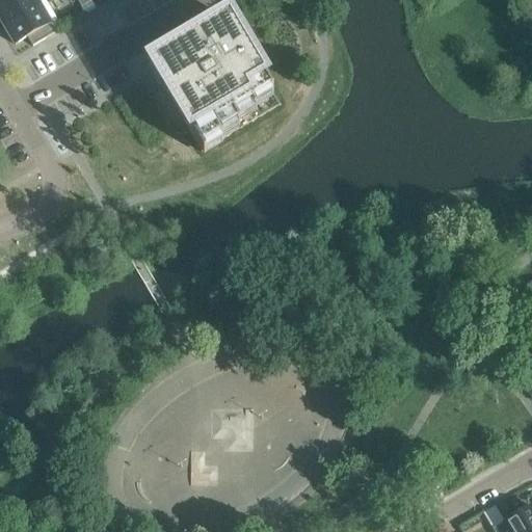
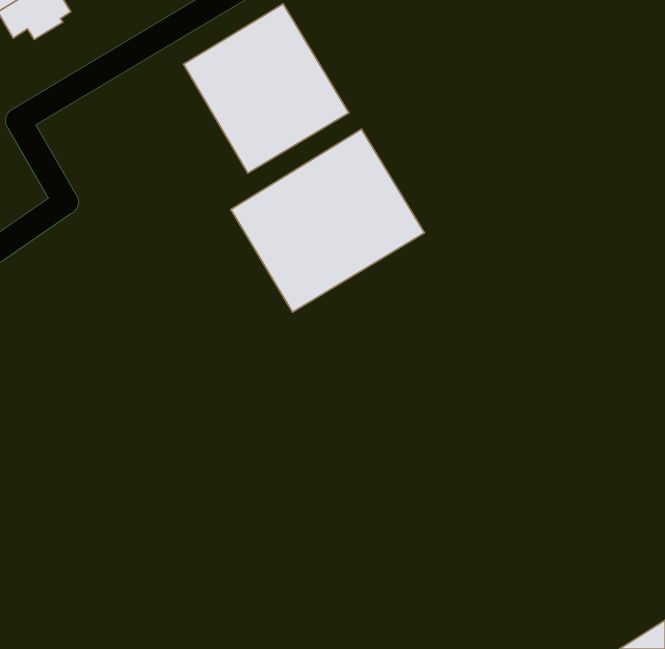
building: none -> [231,129,425,312]

